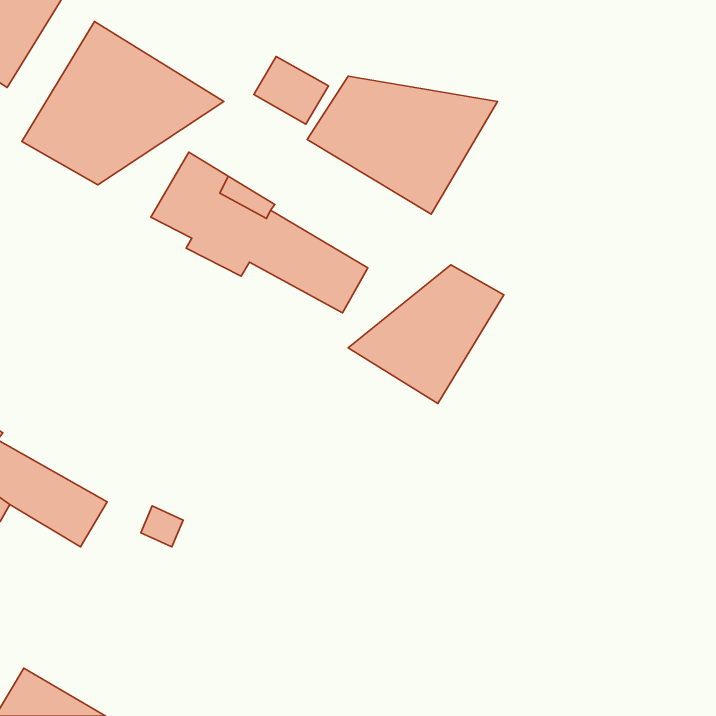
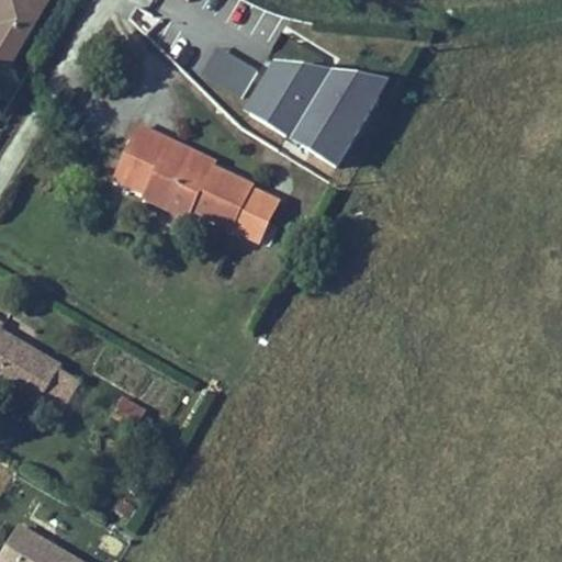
building: [22,22,224,185] -> none
building: [348,265,504,404] -> none

